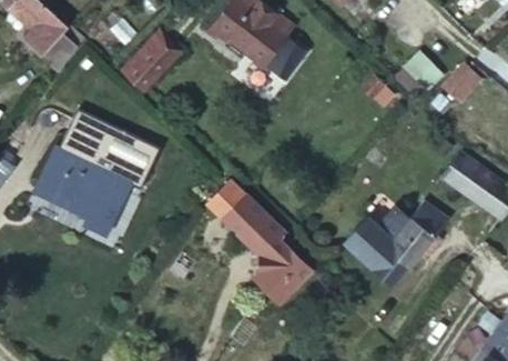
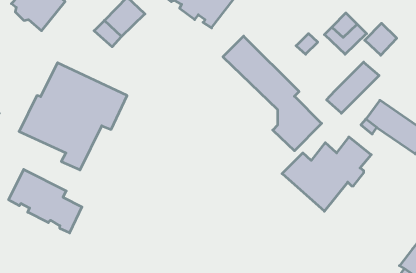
building: none -> [327,62,379,113]
building: [205,179,322,314] -> [223,36,322,151]
building: none -> [9,169,82,233]

